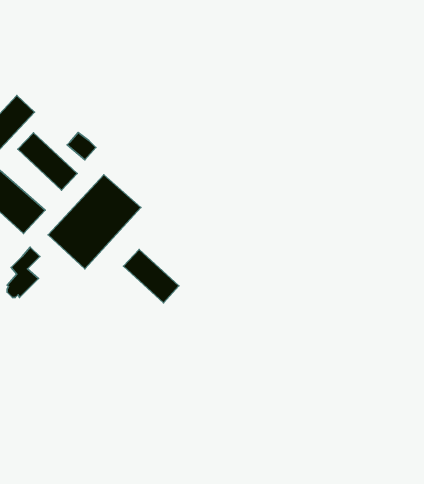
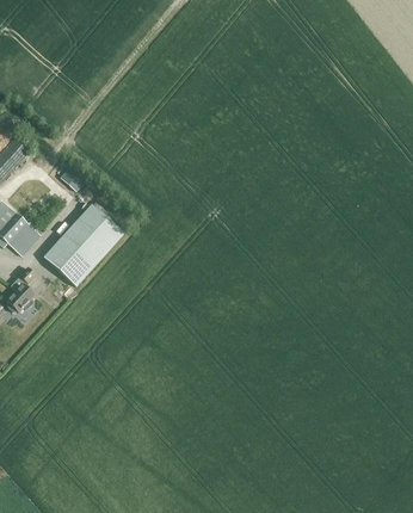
building: [18,133,77,190] -> none
building: [124,250,179,303] -> none

